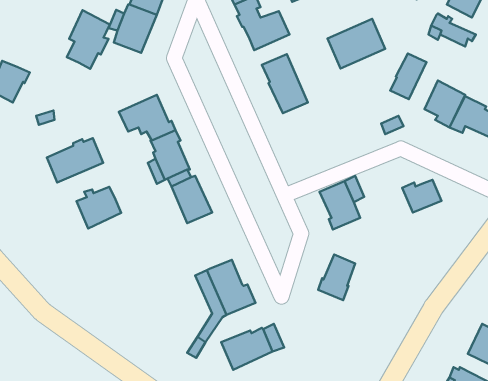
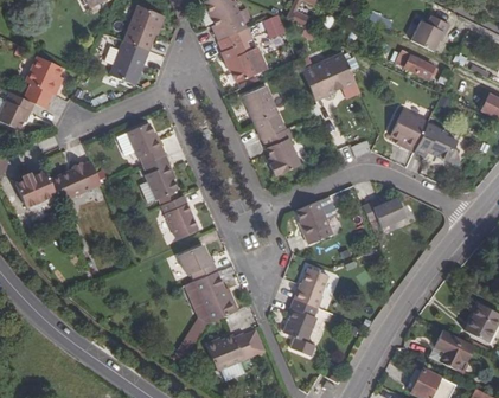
building: [67,10,110,69] -> [23,54,62,108]
building: [390,53,427,99] -> none
building: none -> [262,127,300,175]
building: [76,187,121,229] -> [14,169,55,207]
building: none -> [179,244,216,280]
building: none -> [284,298,316,354]

